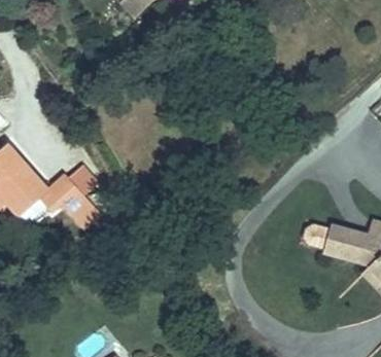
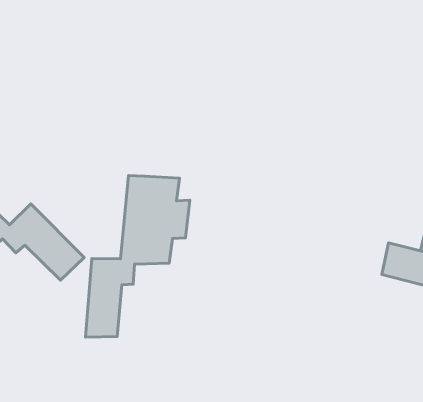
building: none -> [85,175,190,337]

